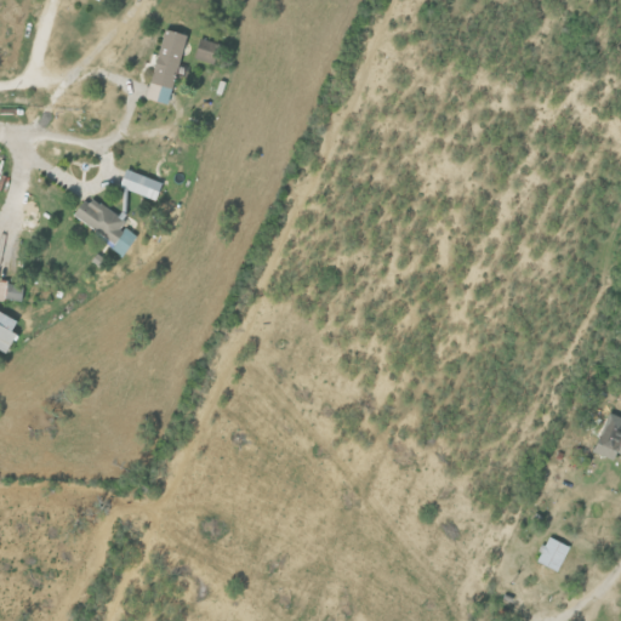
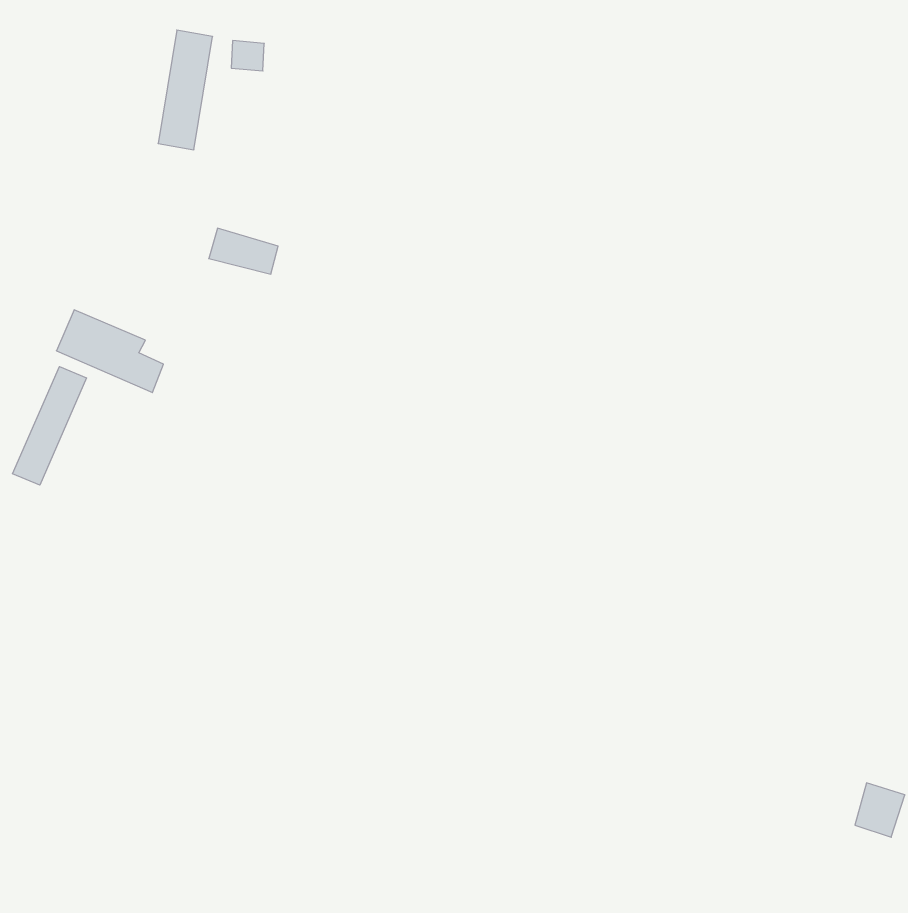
building: [119,169,163,200] -> [209,228,278,274]
building: none -> [13,367,86,485]

